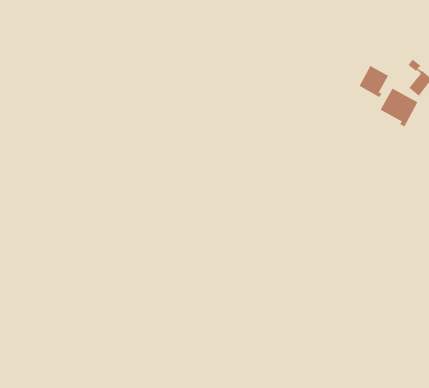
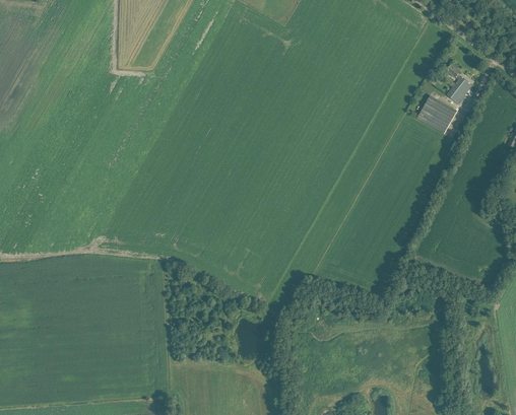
building: [359,65,389,98] -> none

